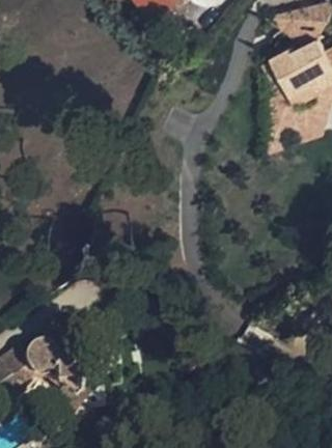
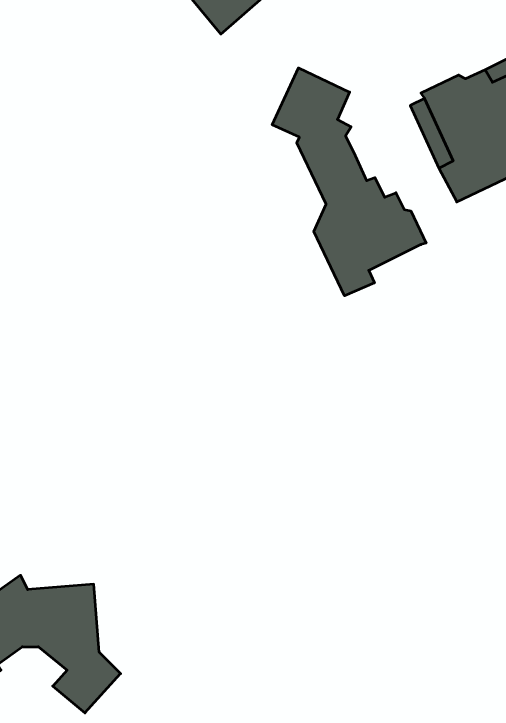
building: none -> [272,68,426,296]

